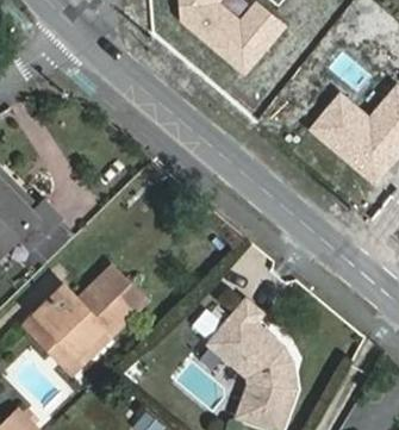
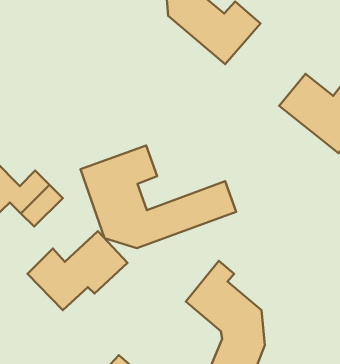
building: none -> [81,145,236,248]
building: [25,312,110,372] -> none

